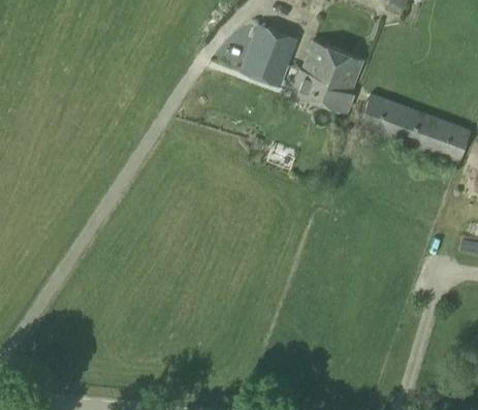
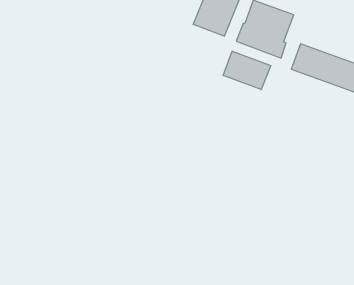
building: none -> [223,51,271,90]

